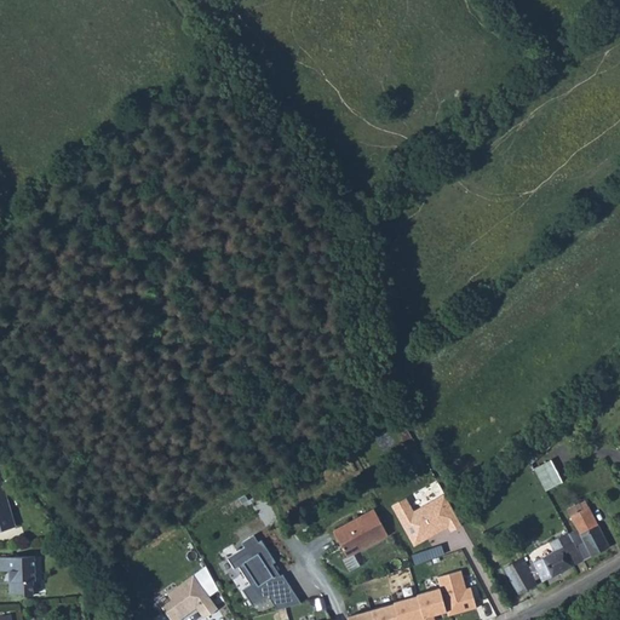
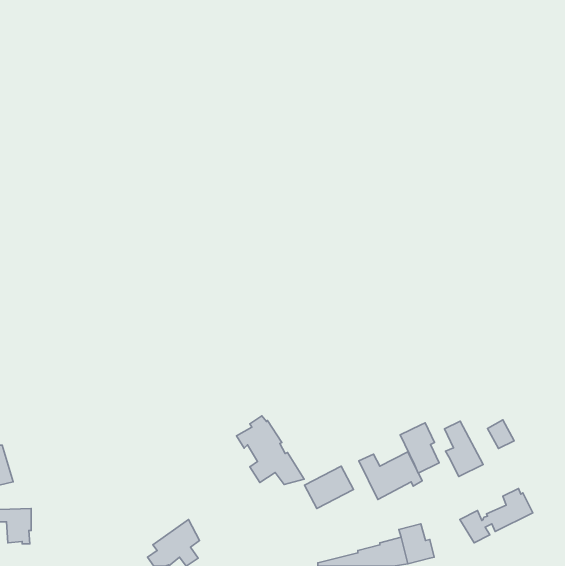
building: none -> [400,423,439,473]
building: [567,500,609,561] -> [445,421,483,477]
building: [226,535,300,610] -> [236,416,304,485]

